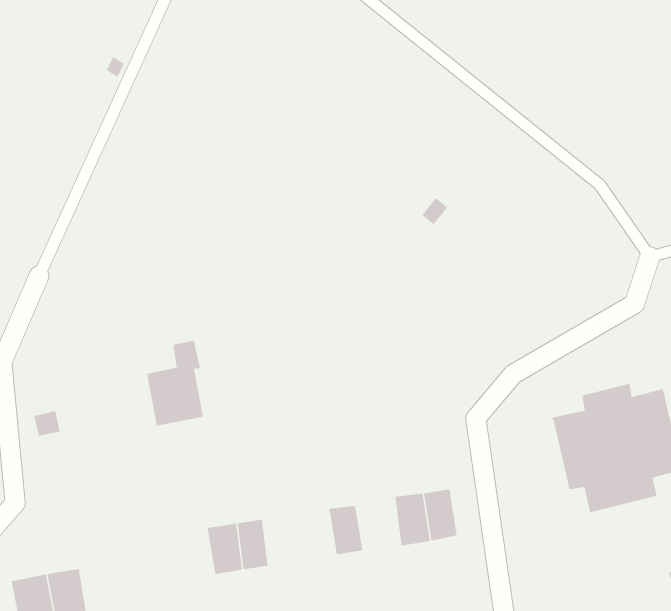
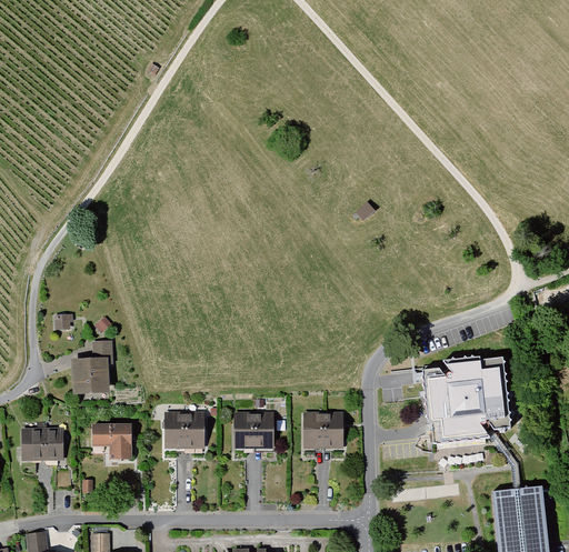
building: [146,340,204,426] -> [72,339,112,397]
building: none -> [232,413,253,448]
building: none -> [89,424,133,461]

